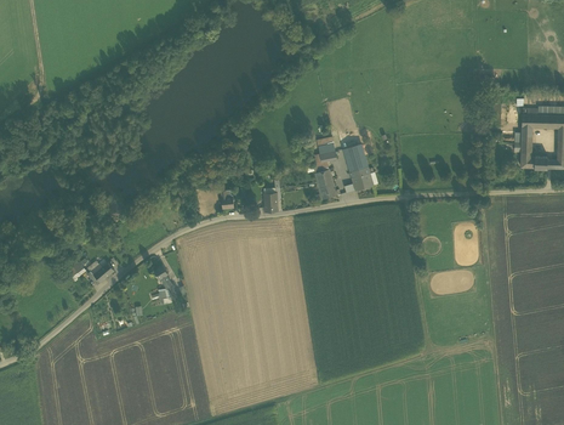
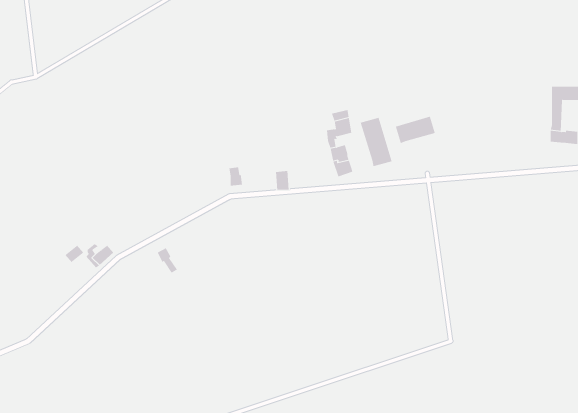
building: none -> [395,116,436,144]

